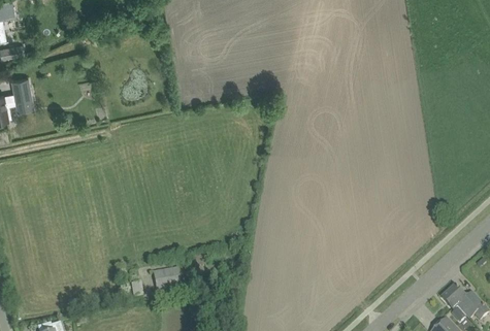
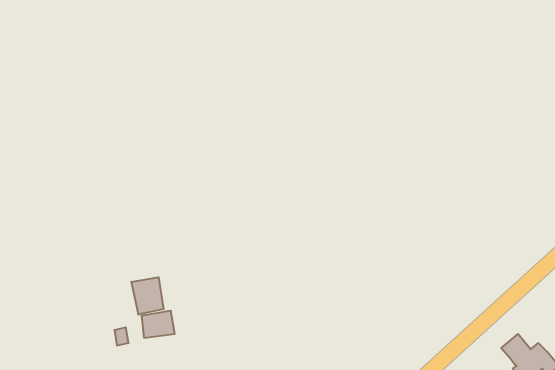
building: none -> [131,277,164,315]

